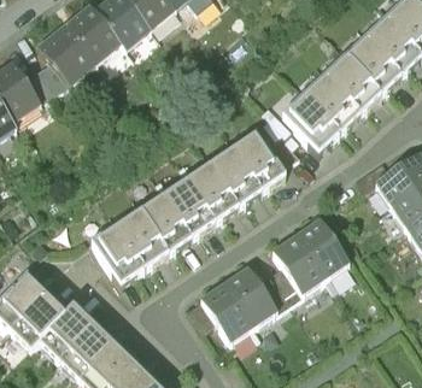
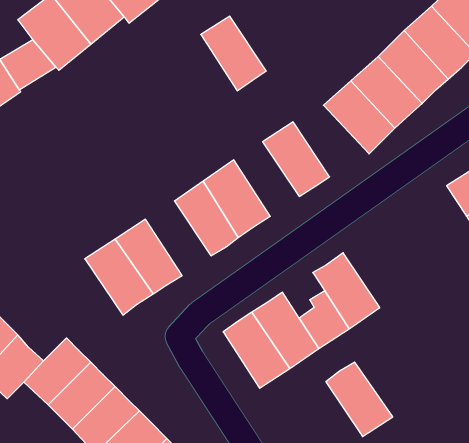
building: [209,145,260,204] -> [201,16,266,91]
building: [139,192,191,251] -> none
building: [295,217,348,276] -> [326,362,393,437]

